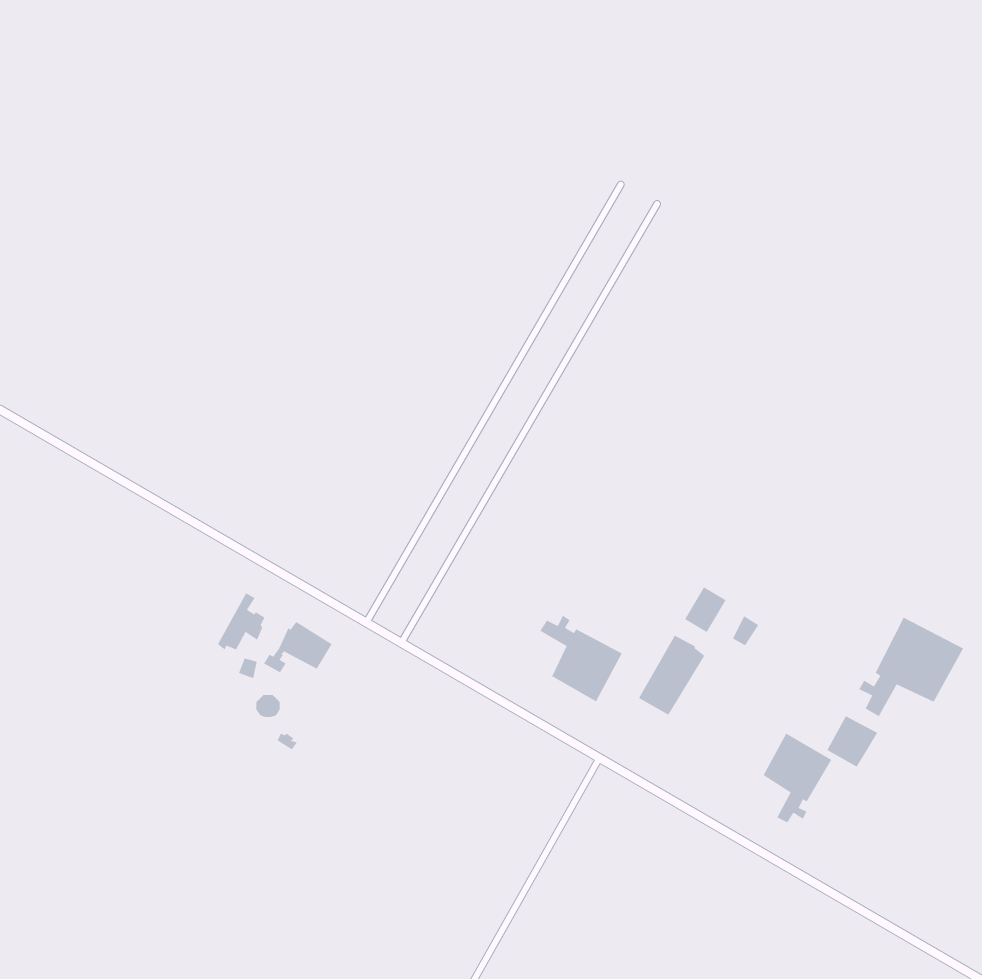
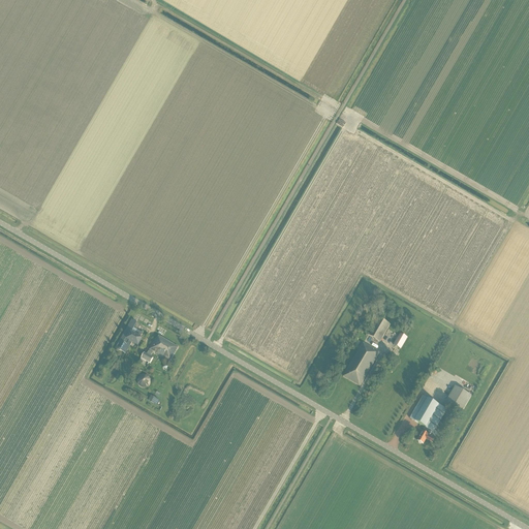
building: [540,615,623,702] -> none
building: [859,617,964,717] -> none

